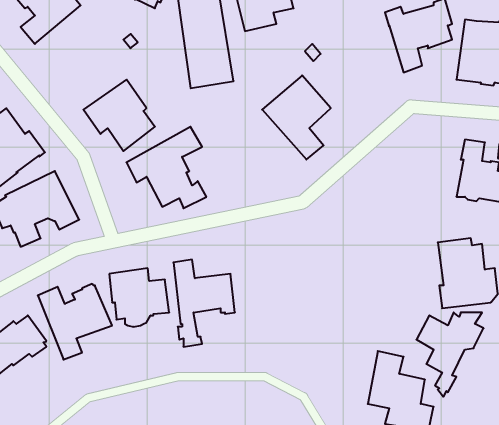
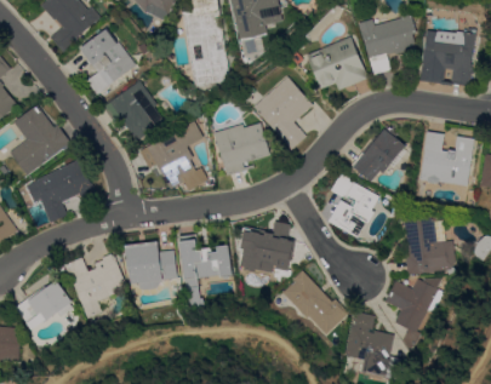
building: none -> [80,29,136,94]
building: none -> [308,36,369,91]
building: none -> [215,122,270,176]
building: none -> [352,130,406,182]
building: none -> [329,173,382,240]
building: none -> [240,219,292,277]
building: none -> [282,270,348,334]

